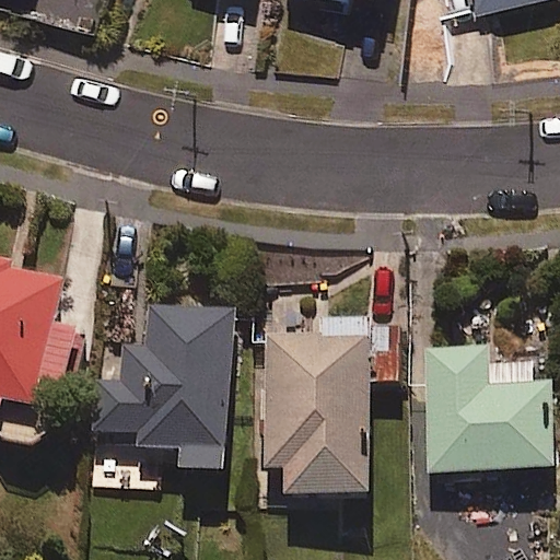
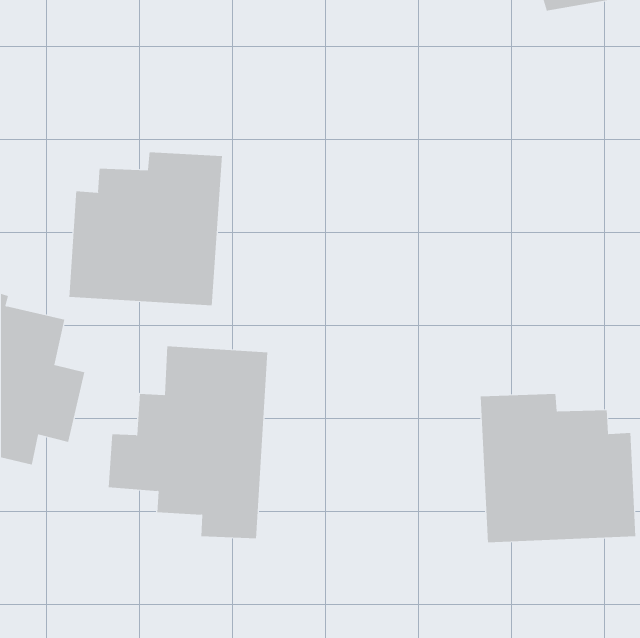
building: none -> [69,152,222,306]
building: [260,314,398,493] -> none

